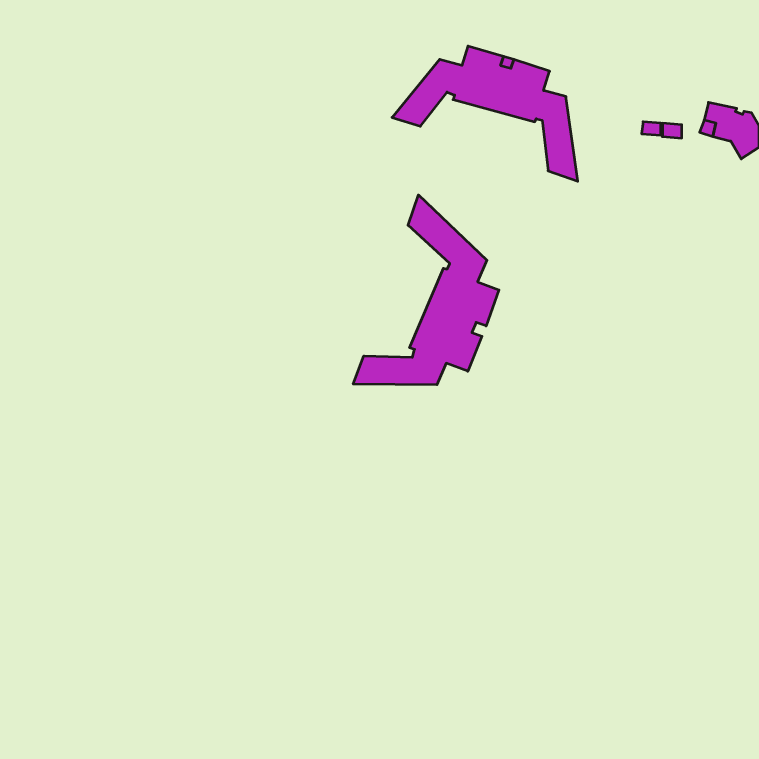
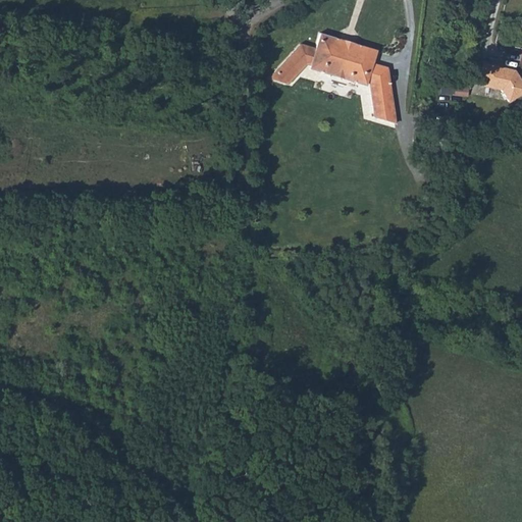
building: [353,195,499,385] -> none

